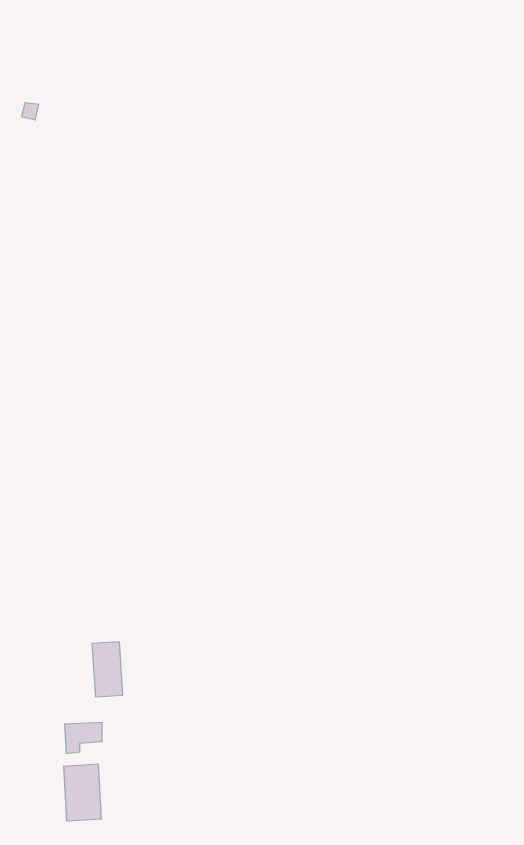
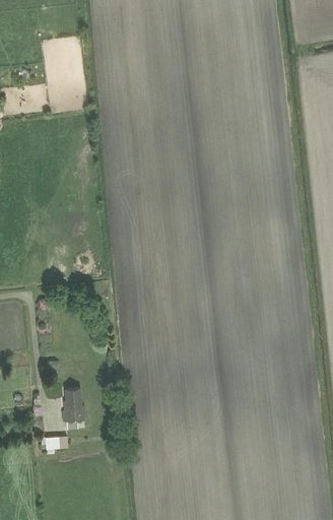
building: [64,764,101,821] -> none

